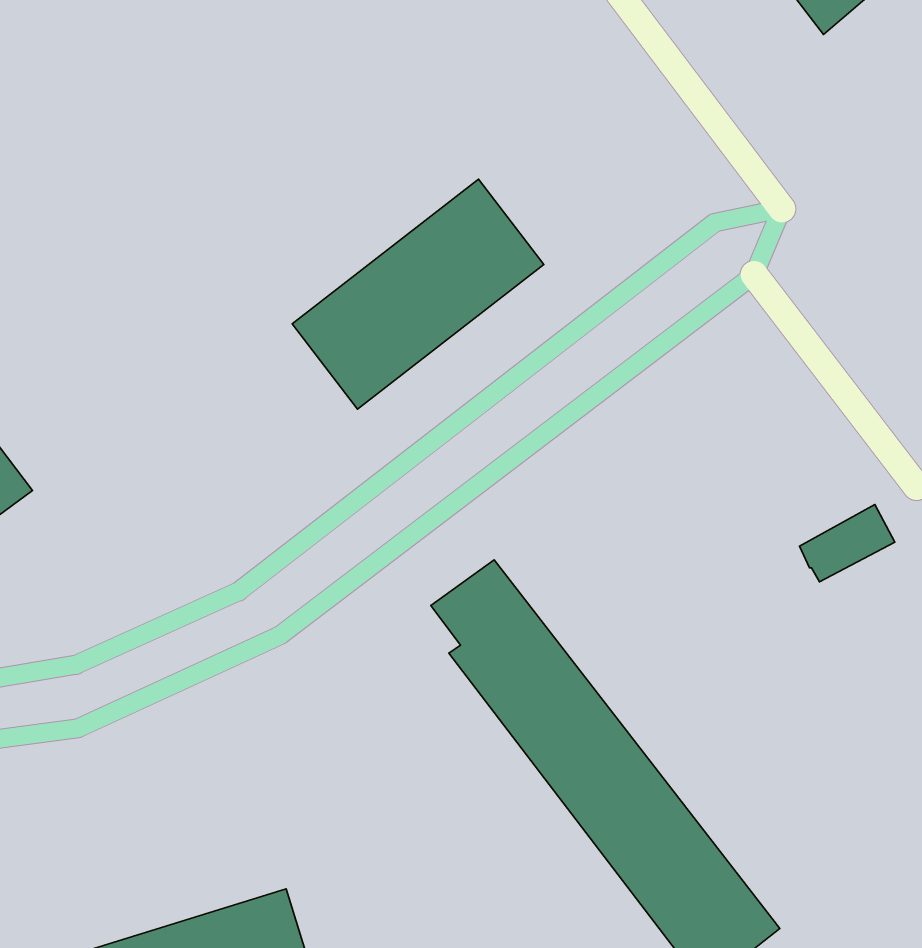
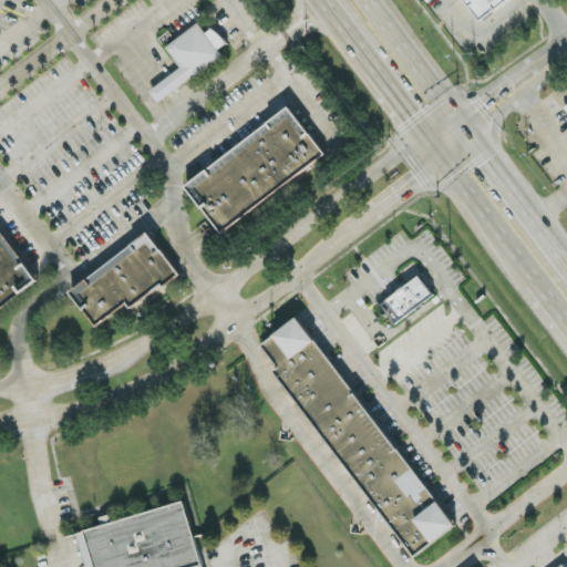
building: none -> [146,21,224,102]
building: none -> [69,231,179,327]
building: [800,504,895,582] -> [378,276,431,319]

